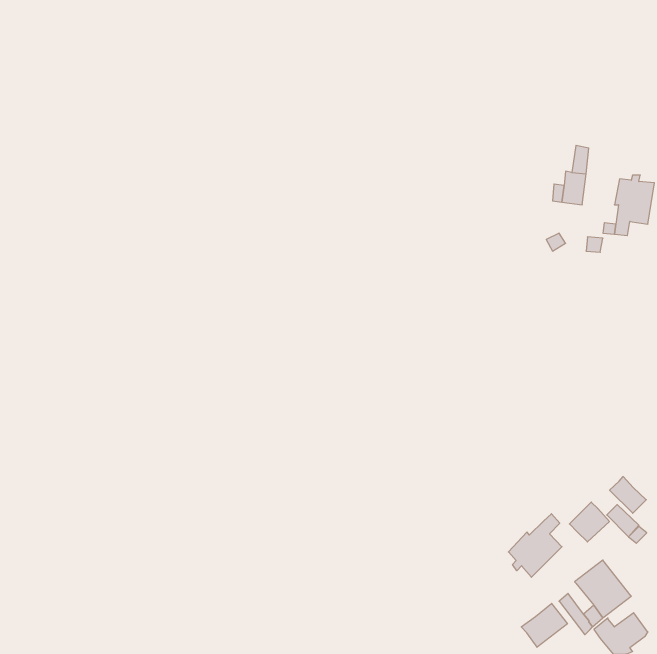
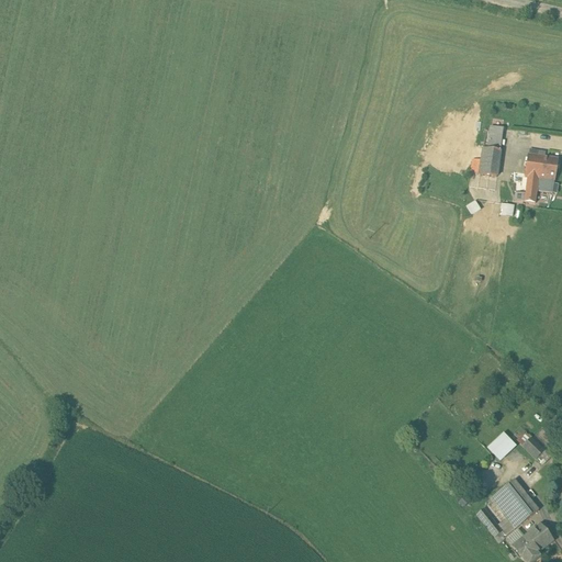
building: [610,477,646,513] -> none
building: [508,514,562,577] -> none
building: [521,603,567,647] -> none

